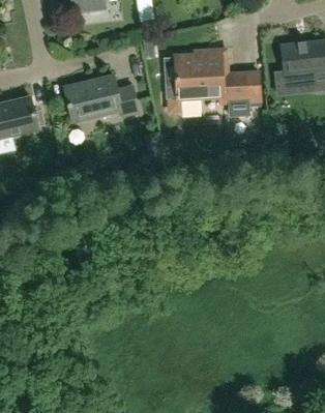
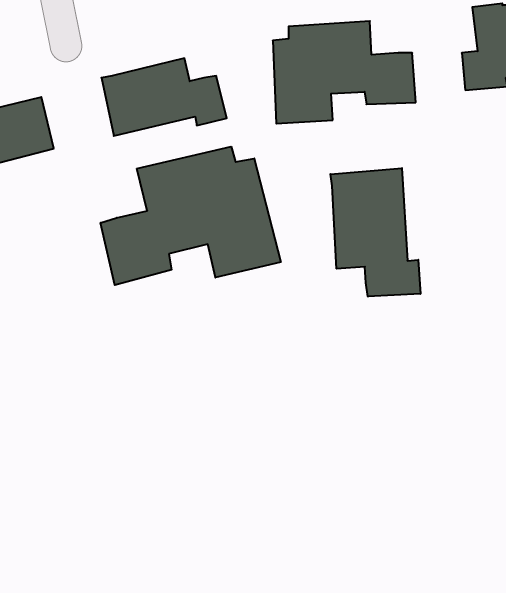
building: none -> [101,147,281,285]
building: none -> [330,168,420,297]

